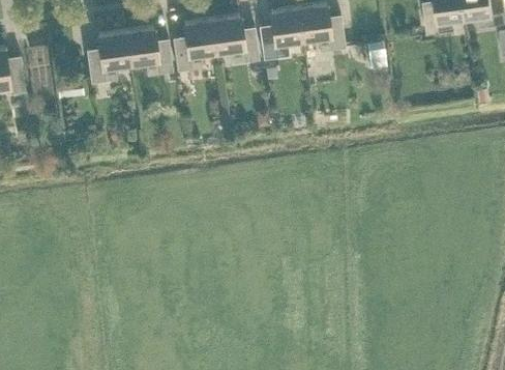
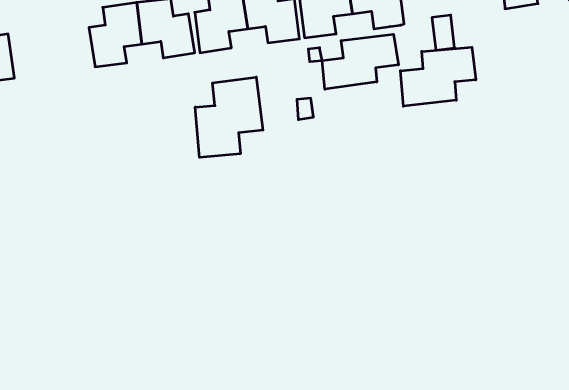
building: none -> [322,34,398,89]
building: none -> [400,47,476,106]
building: none -> [195,77,263,157]

